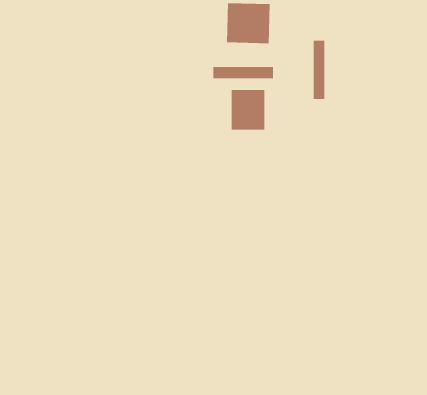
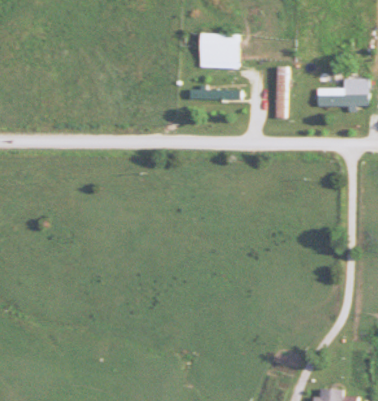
building: none -> [315,78,369,108]
building: [231,89,265,130] -> none

